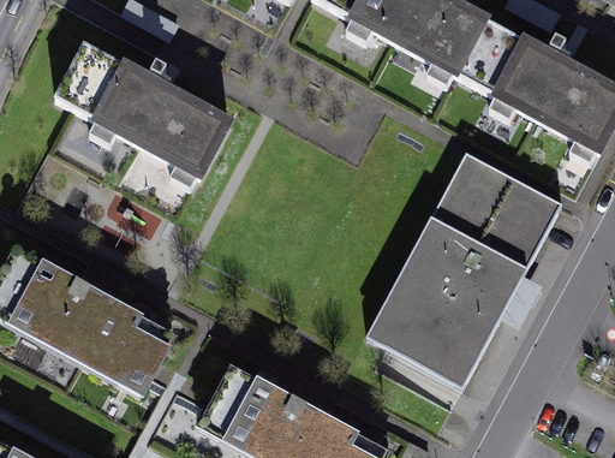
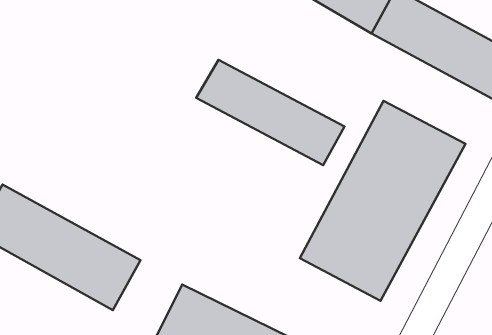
building: [54,46,229,177] -> none
building: none -> [196,60,345,165]

